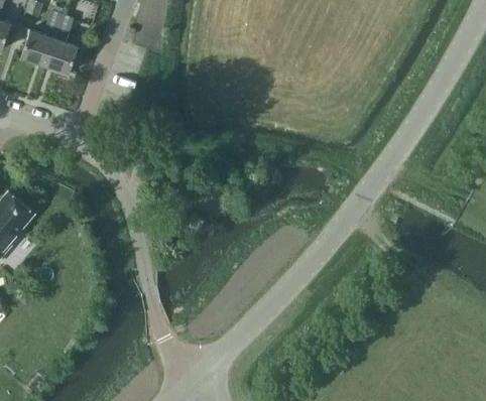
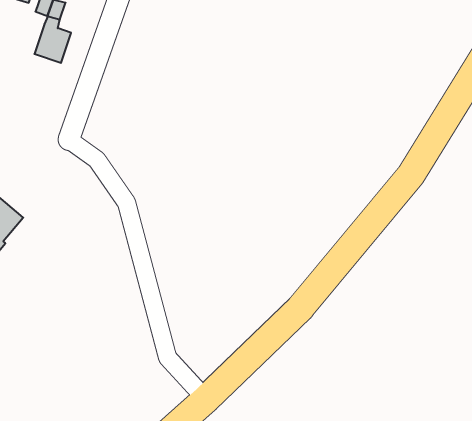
building: [19,29,52,64] -> none

